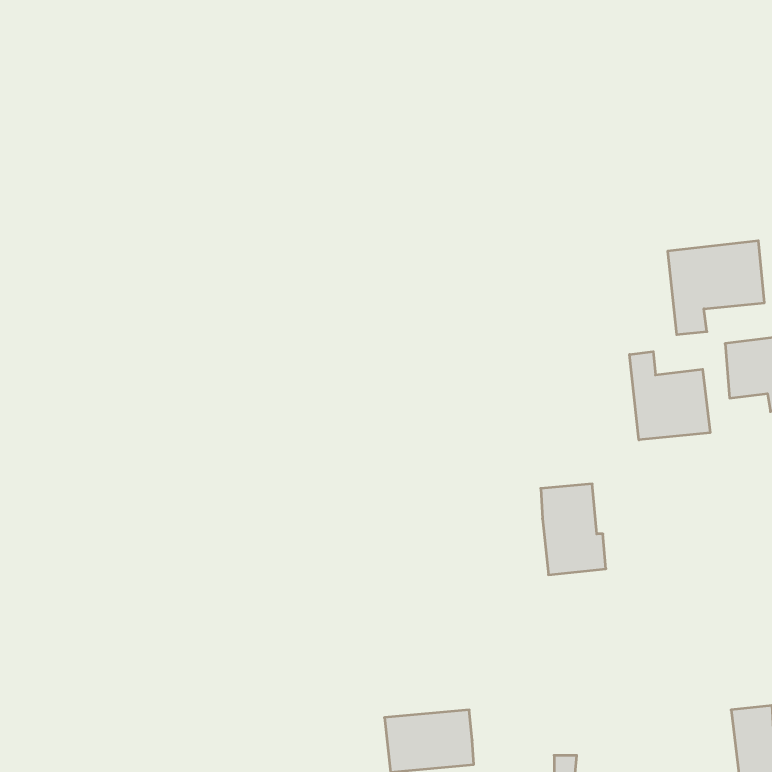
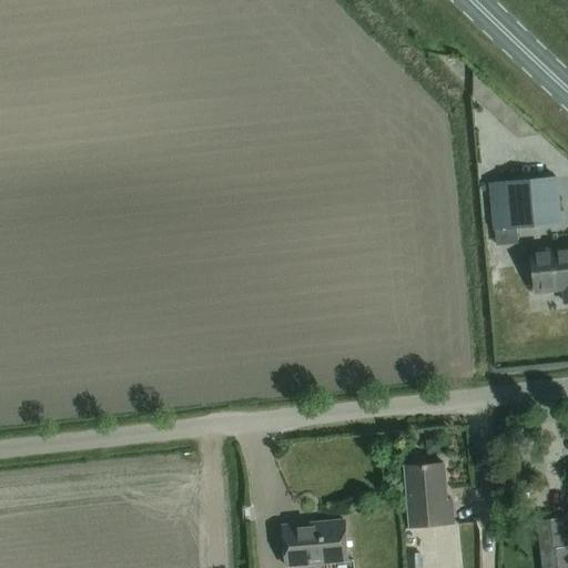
building: [630,352,710,440] -> none
building: [541,484,606,575] -> [406,463,454,529]

